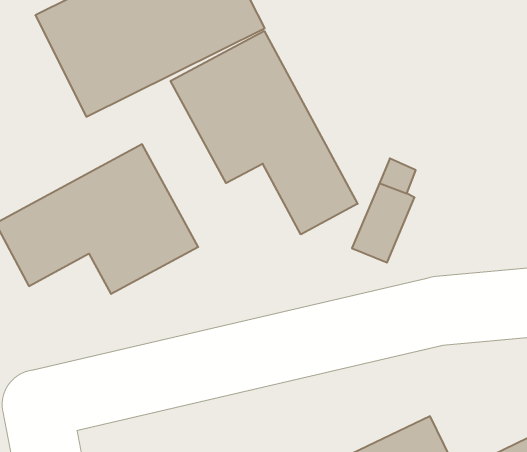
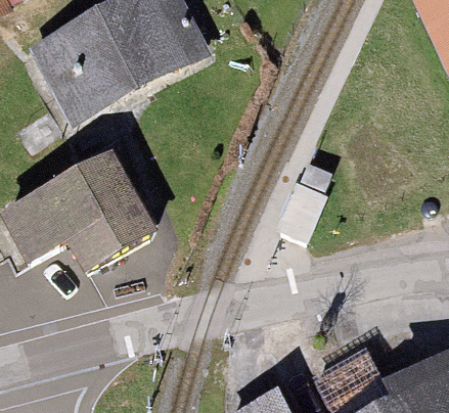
building: [171,31,358,234] -> none

